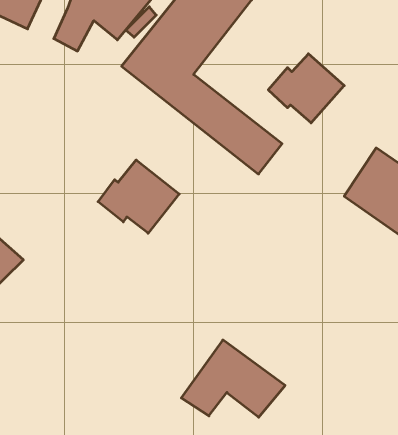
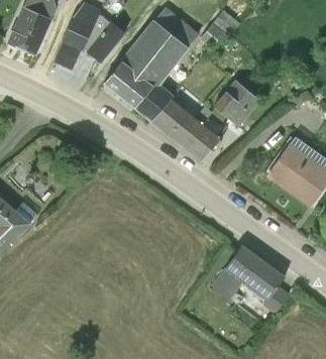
building: [98,160,179,233] -> none
building: [181,340,285,417] -> [210,244,286,301]

